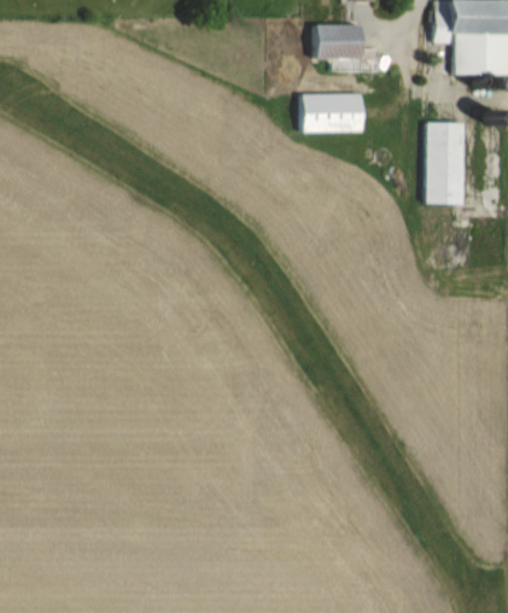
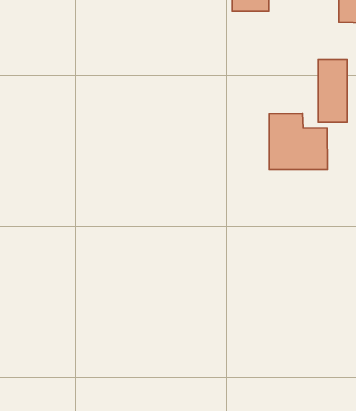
building: [302,95,362,132] -> none
building: none -> [269,114,328,169]

